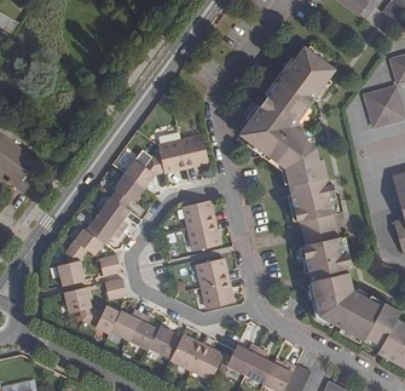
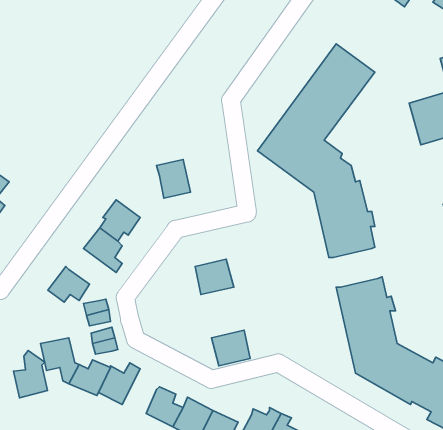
building: [178,136,207,167] -> none
building: [123,154,162,188] -> none
building: [183,200,213,228] -> none
building: [85,213,123,243] -> none
building: [300,213,336,245] -> none
building: [56,247,83,286] -> [13,350,48,398]
building: [196,258,227,286] -> none
building: [128,311,156,350] -> none

